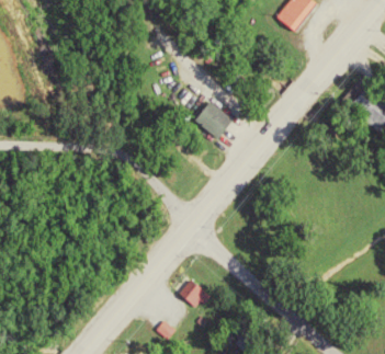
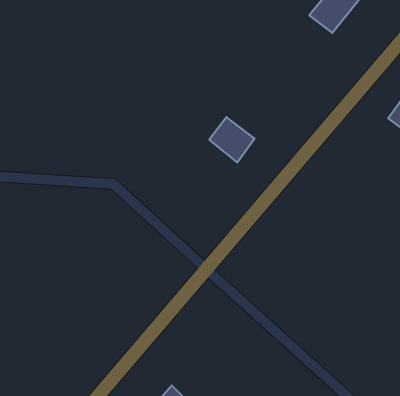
building: [177,279,207,309] -> none

